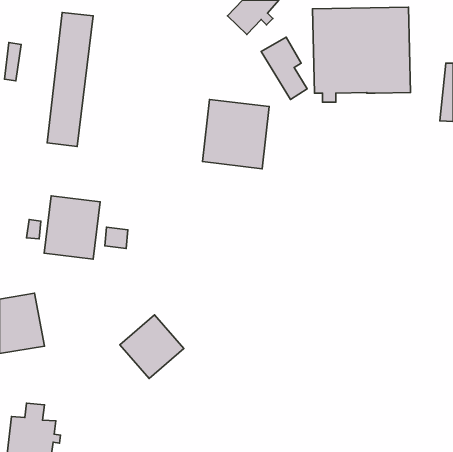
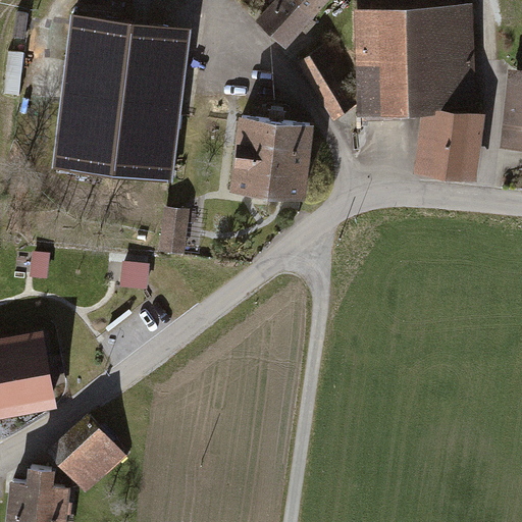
building: none -> [89,20,177,179]
building: none -> [420,109,480,175]
building: none -> [160,208,187,252]
building: [44,196,100,259] -> none
building: [120,315,184,379] -> [50,416,123,489]

